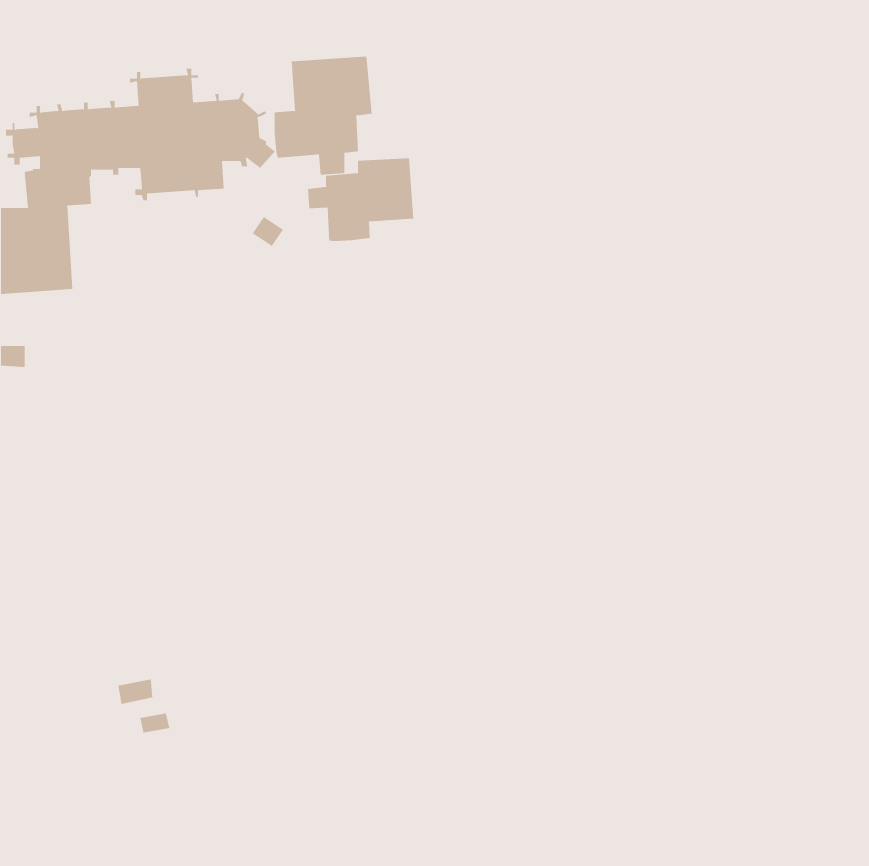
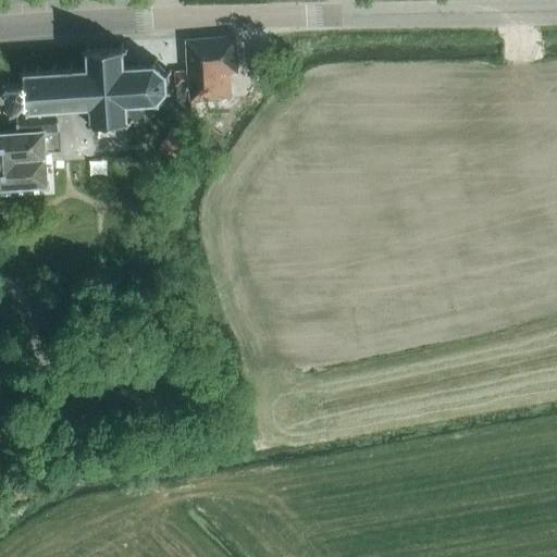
building: [307,157,414,242] -> none

